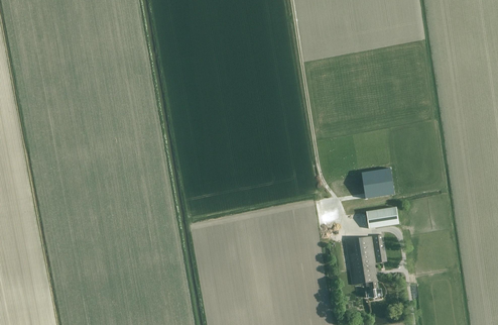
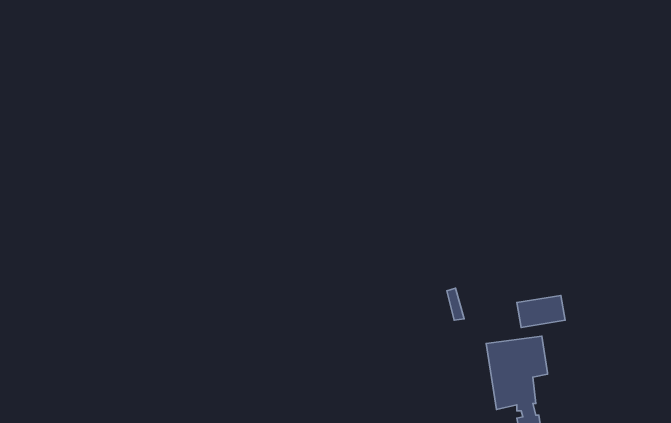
building: [361,169,393,198] -> none

